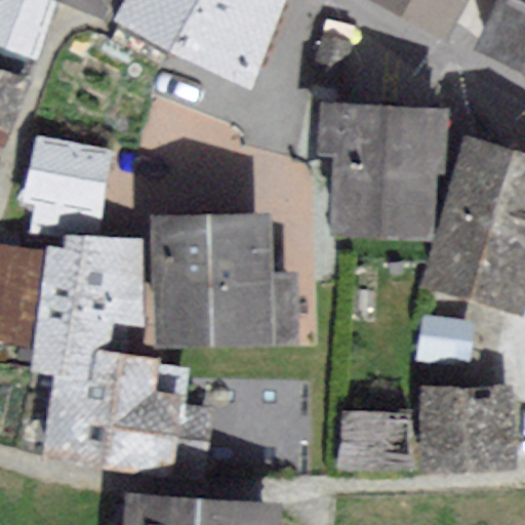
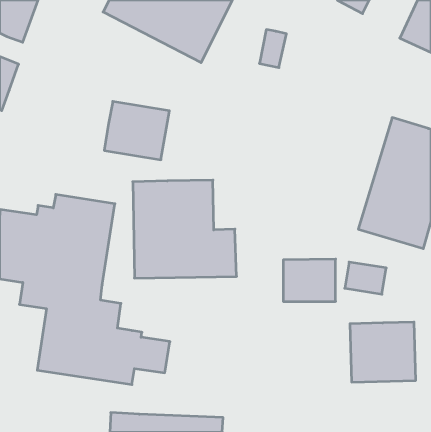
building: [330,109,428,225] -> none
building: [28,139,107,210] -> [104,101,169,160]
building: [344,413,407,465] -> [283,259,336,301]

